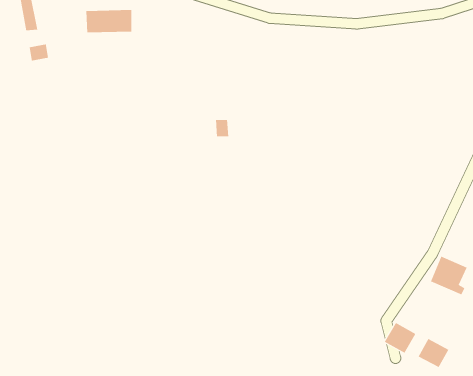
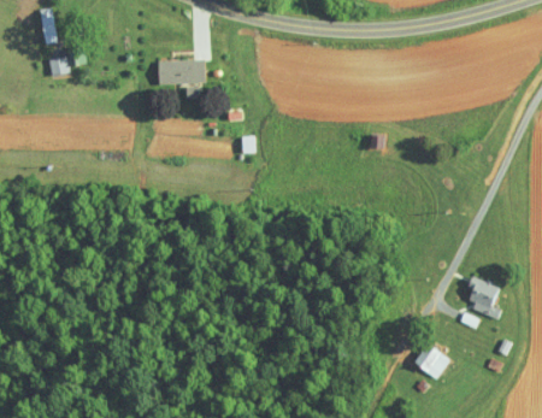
building: [85,10,132,33] -> [158,59,206,83]
building: [418,338,449,368] -> none

